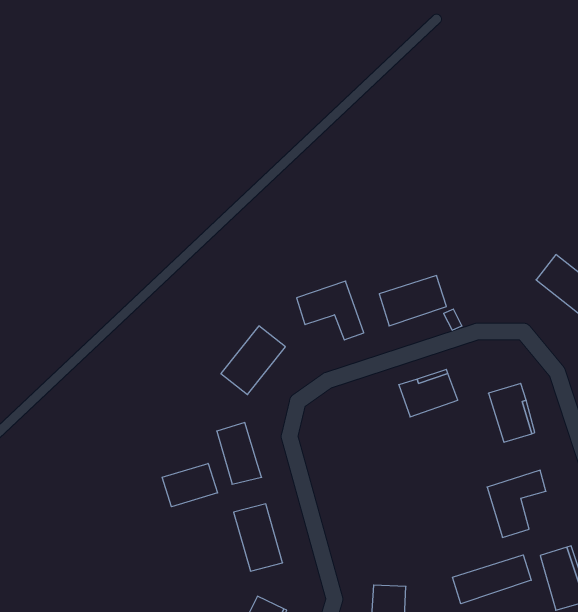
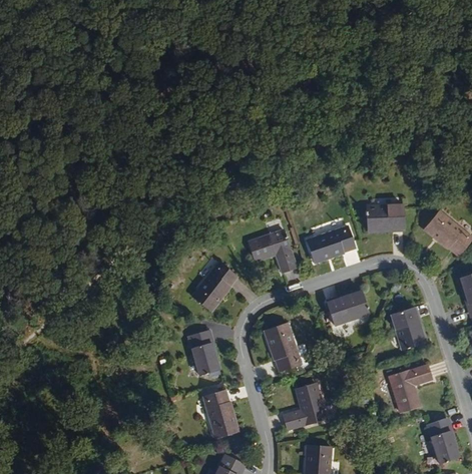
building: none -> [369,204,405,228]
building: none -> [264,323,300,372]
building: [162,463,218,507] -> none
building: none -> [281,384,324,431]
building: [453,555,531,604] -> none

